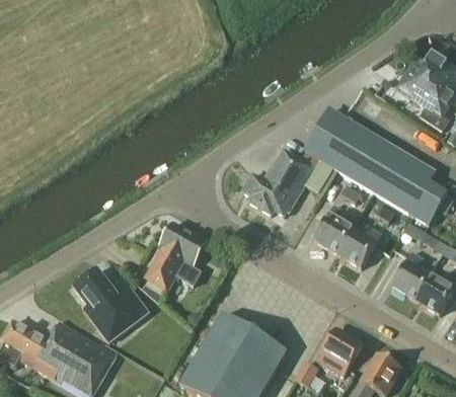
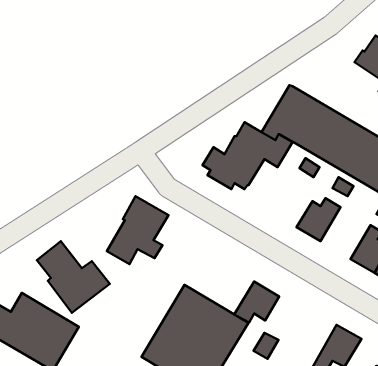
building: [314,205,354,253] -> none
building: [317,327,363,369] -> [234,281,279,322]

